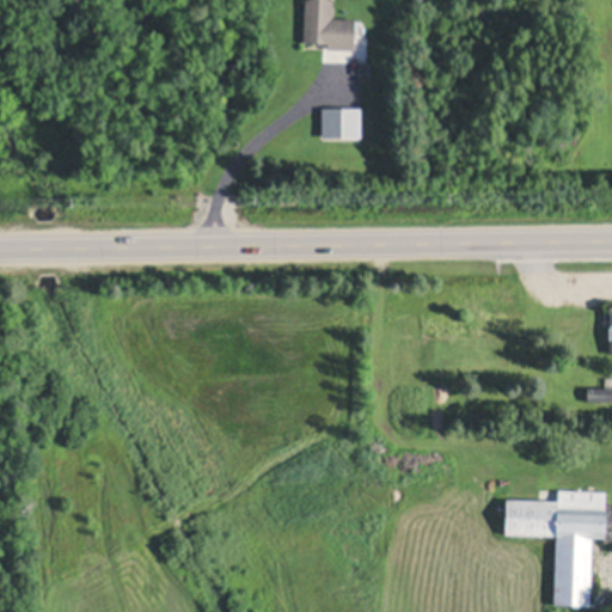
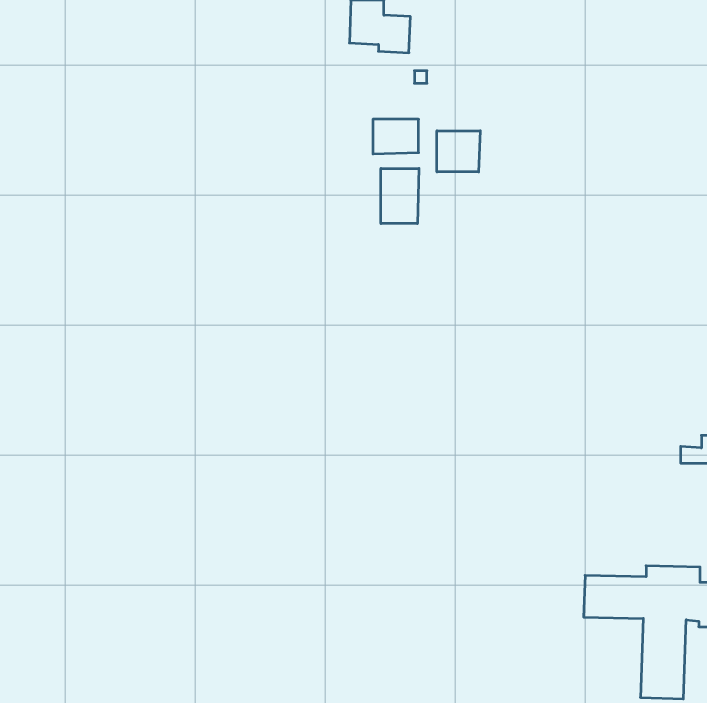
building: none -> [437,131,480,172]
building: none -> [381,168,419,224]

